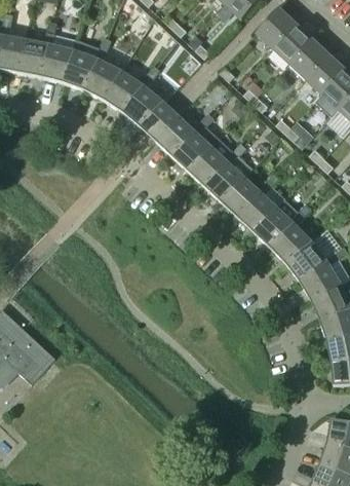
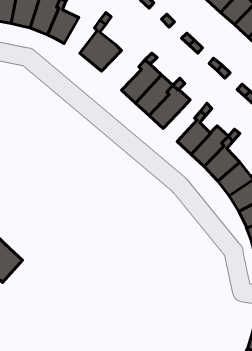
building: [104,70,143,112] -> none
building: [148,109,195,156] -> none
building: [221,177,261,217] -> none

